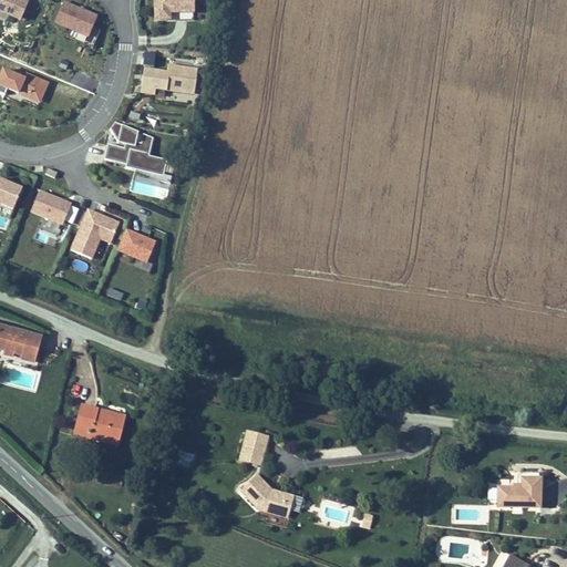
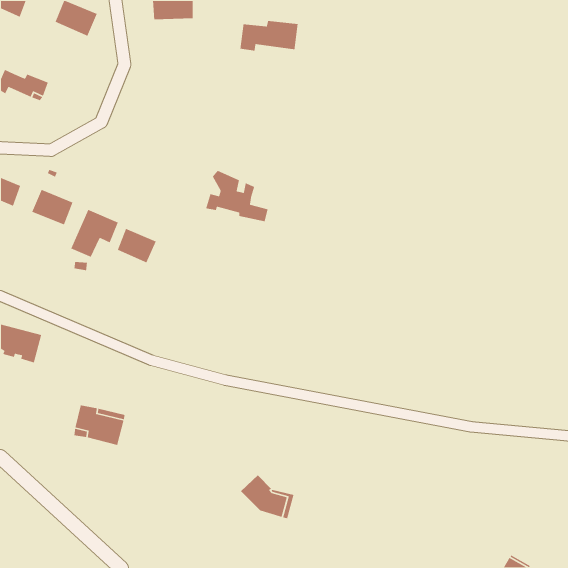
building: [140,63,198,94] -> [240,20,299,51]
building: [103,120,166,172] -> [205,170,269,222]
building: [238,429,269,465] -> none
building: [496,474,543,506] -> none

